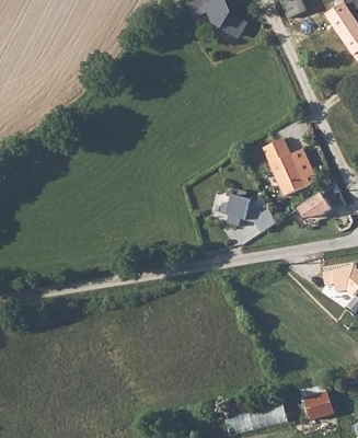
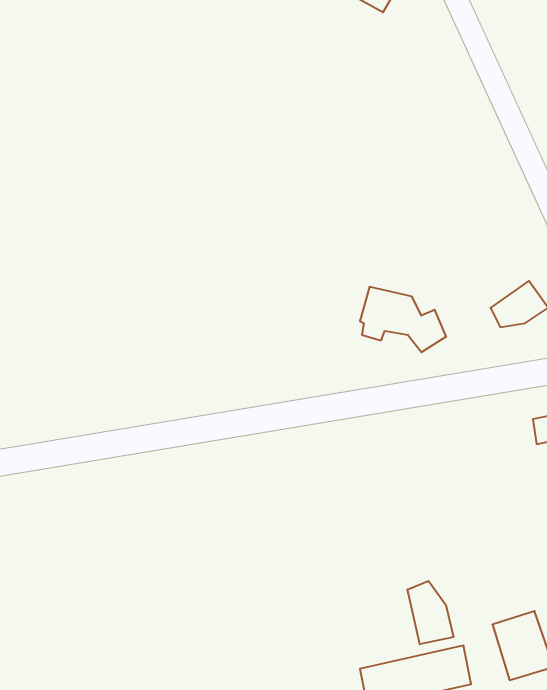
building: [261,139,315,196] -> none
building: none -> [408,581,454,644]

